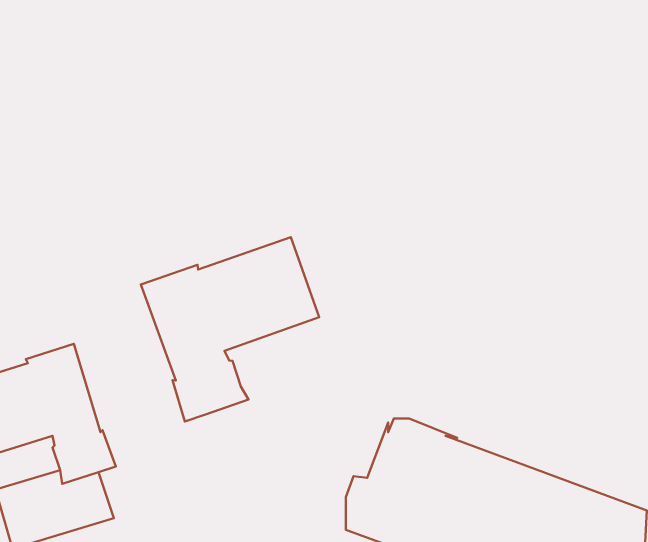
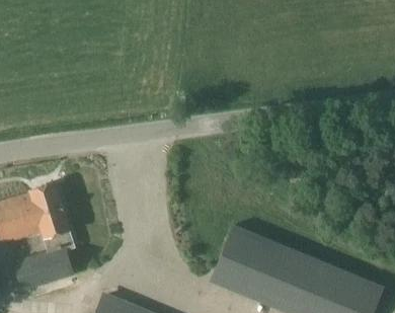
building: [141,237,319,421] -> none

